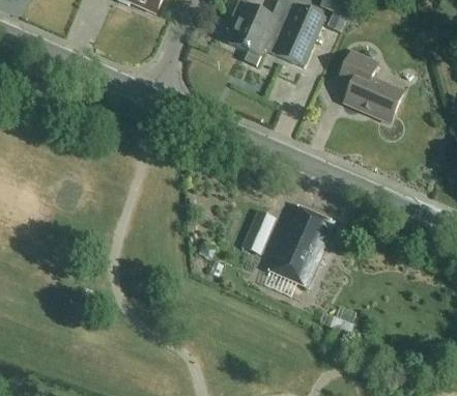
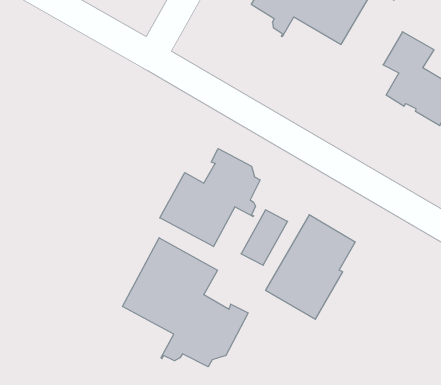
building: none -> [160,149,260,247]
building: none -> [123,238,248,367]

